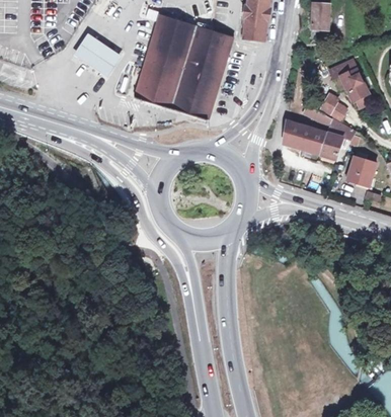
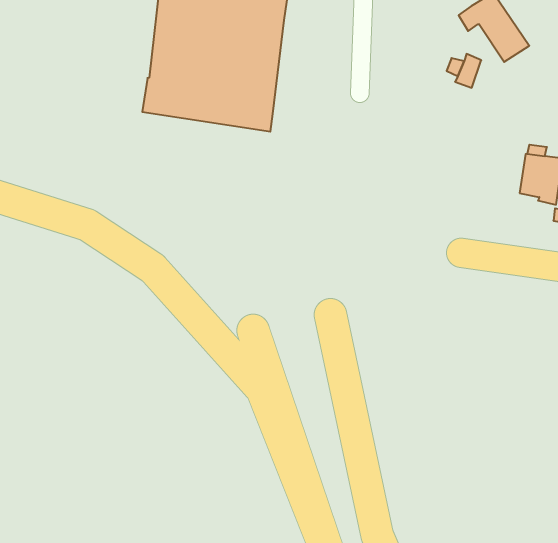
building: [73,34,120,78] -> none
building: [283,104,353,157] -> none

